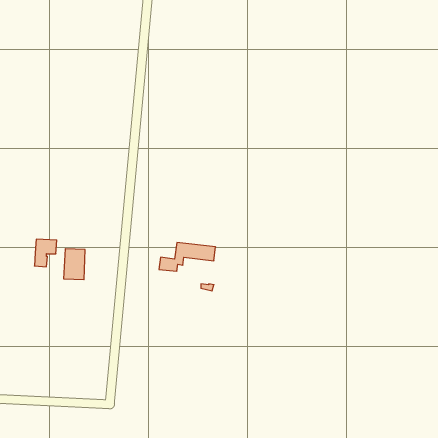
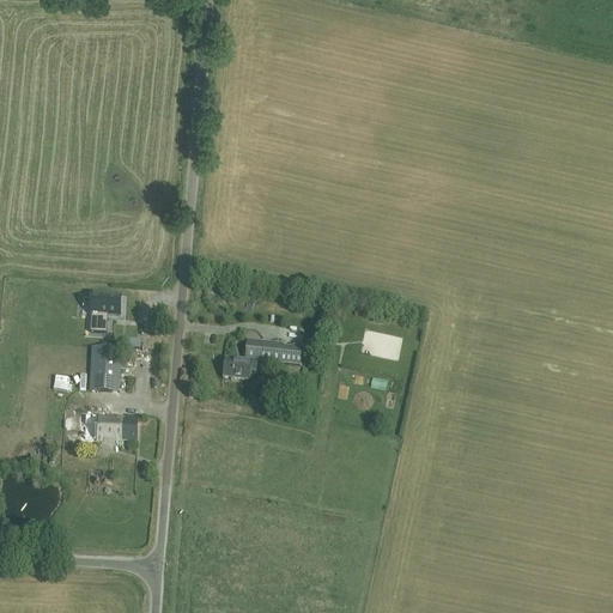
building: [34,239,57,267] -> [89,293,120,332]
building: none -> [93,413,136,438]

